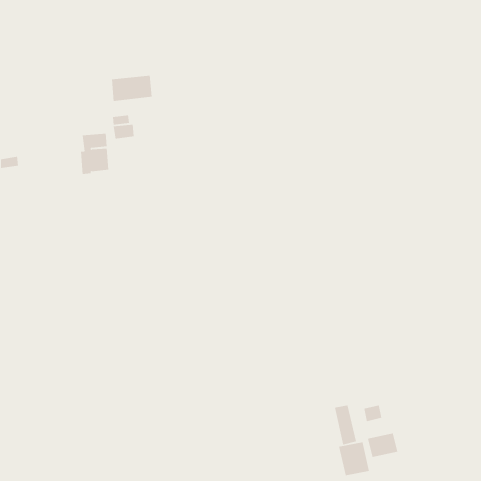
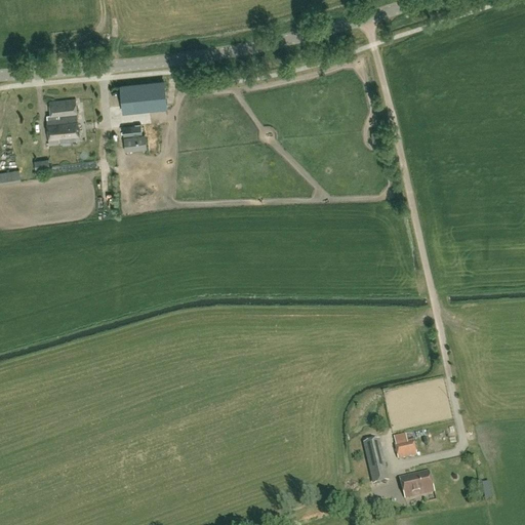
building: [80,133,109,175] -> [47,99,79,145]
building: [339,442,370,476] -> none

